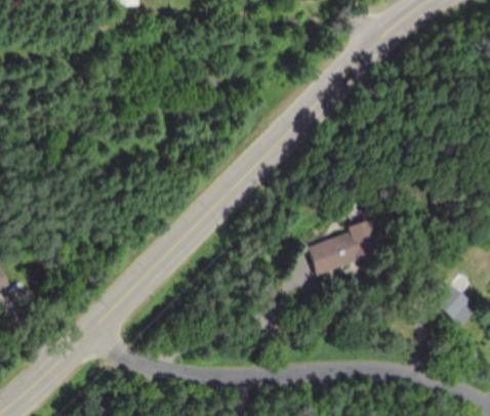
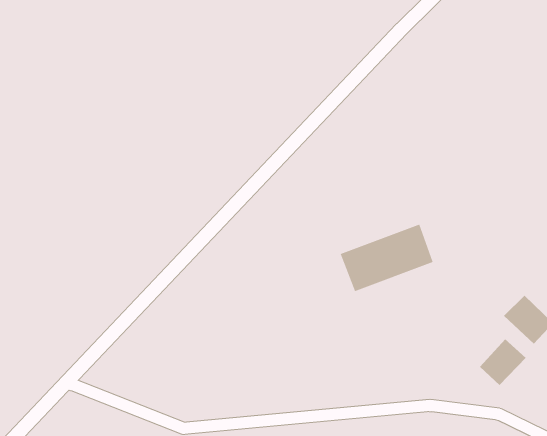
building: none -> [479,339,527,386]

